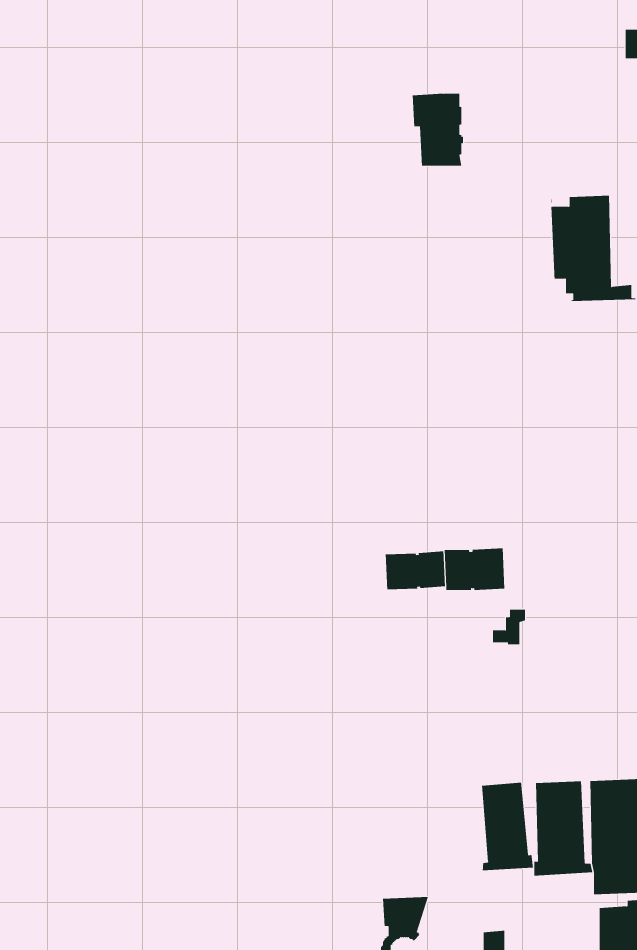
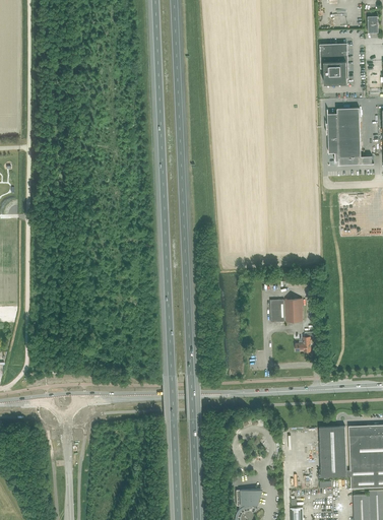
building: [412,93,464,166] -> [320,44,348,83]
building: [385,550,445,590] -> none
building: [482,782,533,871] -> none

